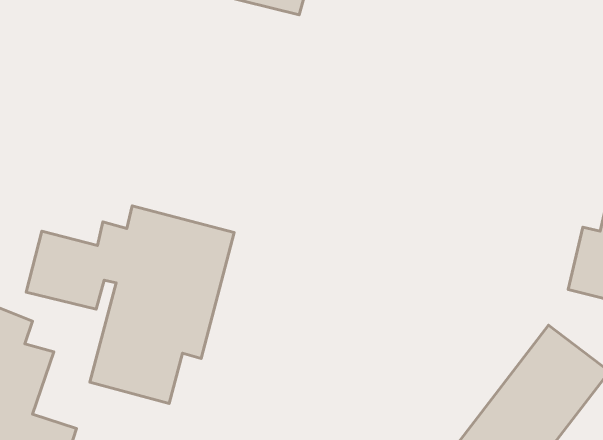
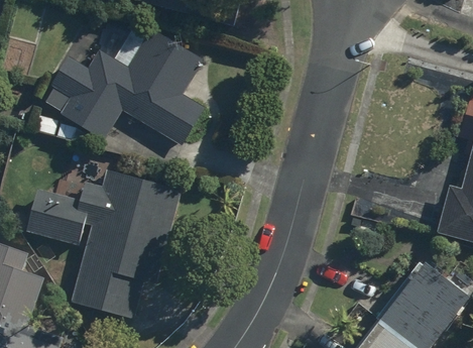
building: none -> [50,29,206,144]

